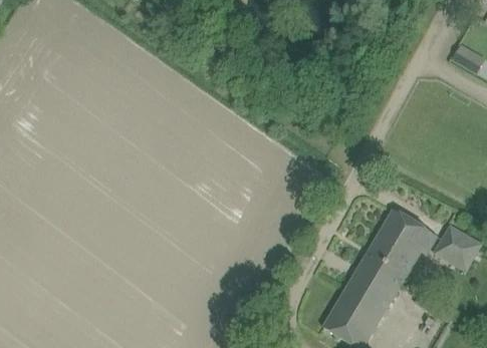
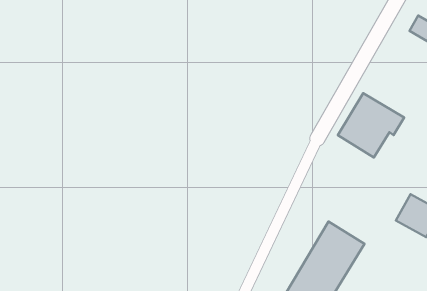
building: [367,211,435,277] -> [338,93,404,158]

